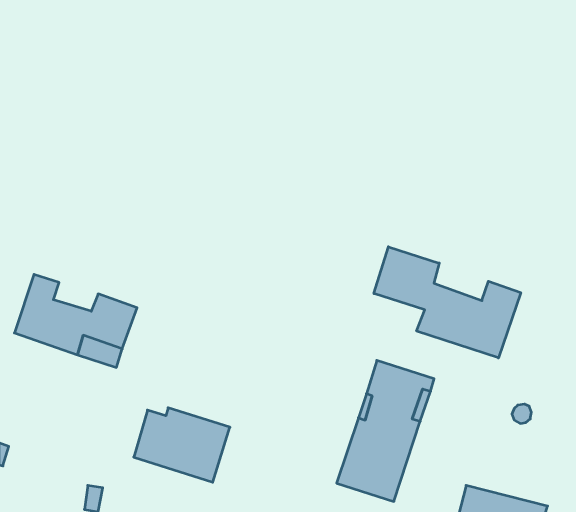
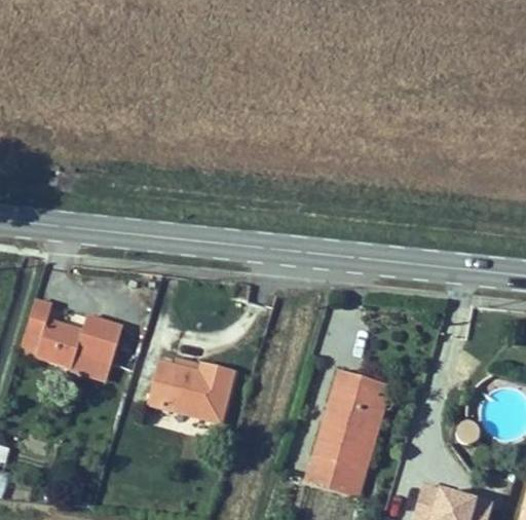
building: [374,247,521,358] -> none
building: [134,408,230,482] -> [150,357,236,423]

